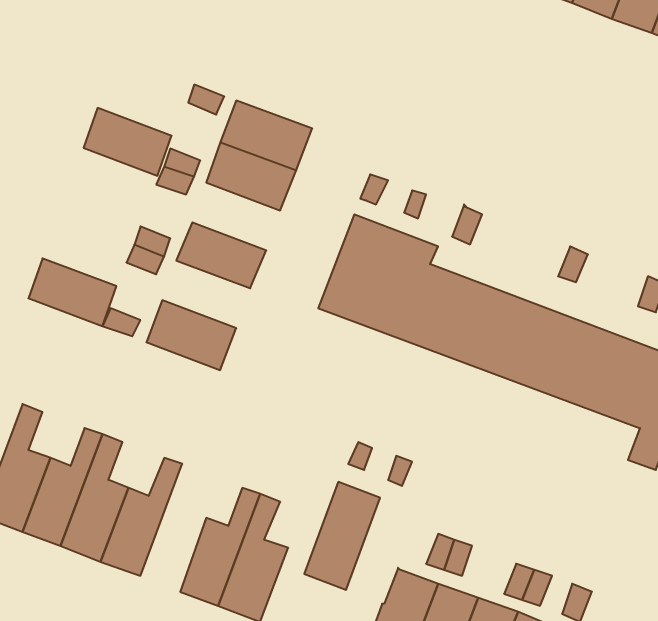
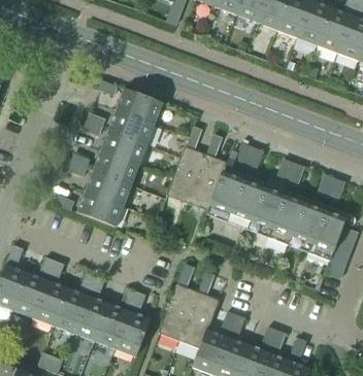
building: [84,108,172,176] -> [101,130,146,165]
building: [28,258,116,326] -> [86,170,131,205]
building: none -> [74,275,108,341]
building: none -> [180,293,220,347]

